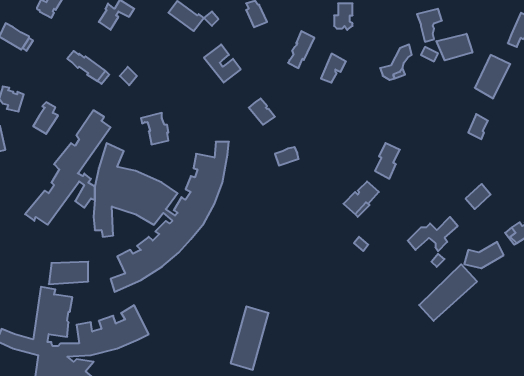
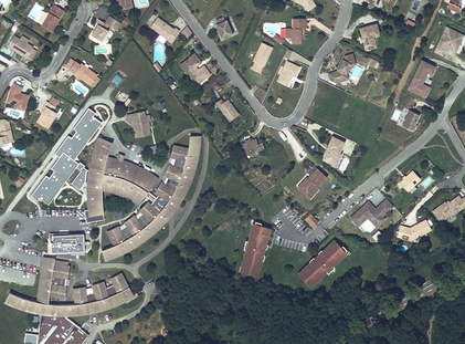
building: [436,34,472,60] -> none
building: [419,264,477,321] -> [298,239,347,286]
building: [231,306,269,370] -> [239,223,271,277]

